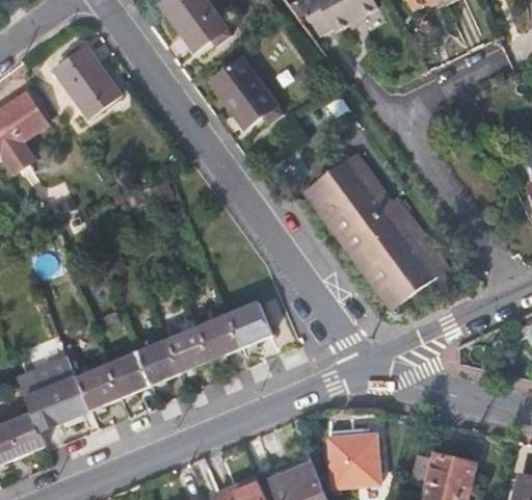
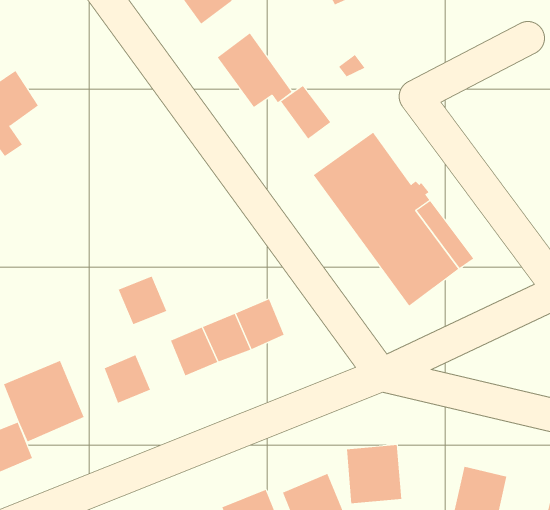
building: [58,47,123,117] -> none
building: none -> [280,85,331,139]
building: [137,339,182,384] -> [118,276,167,325]
building: [77,364,121,409] -> none

